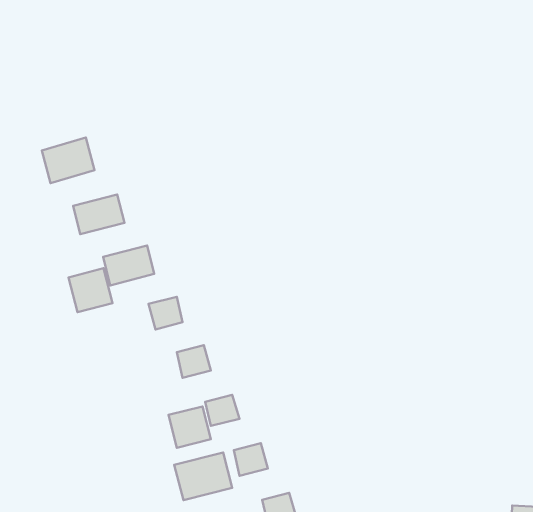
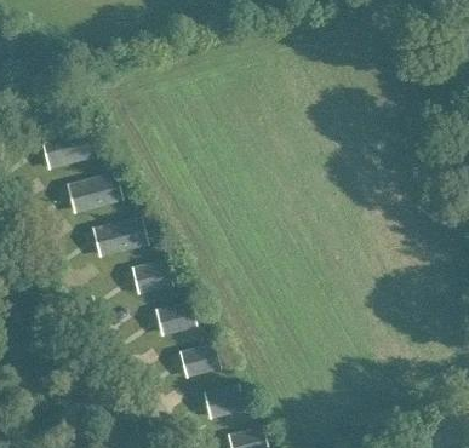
building: [68,268,113,312] -> none
building: [169,406,211,448] -> none
building: [174,453,232,500] -> none

